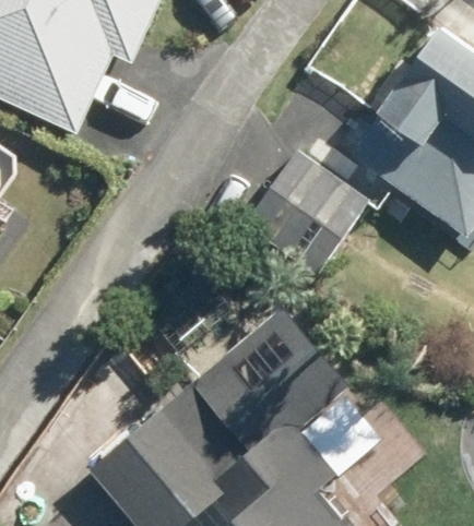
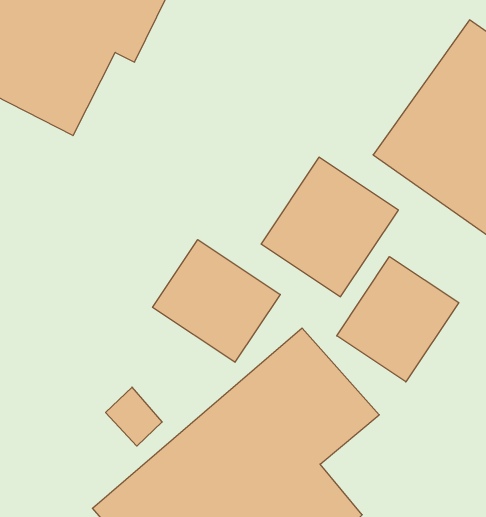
building: none -> [153,240,280,362]
building: none -> [337,257,459,382]

